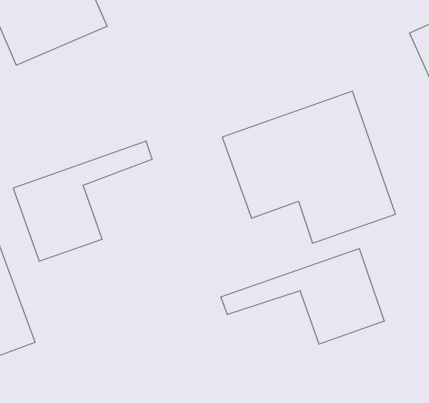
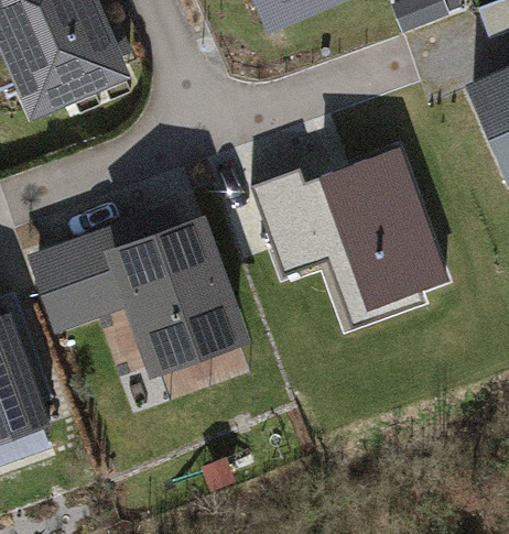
building: none -> [105,215,252,379]
building: [221,249,384,344] -> none

